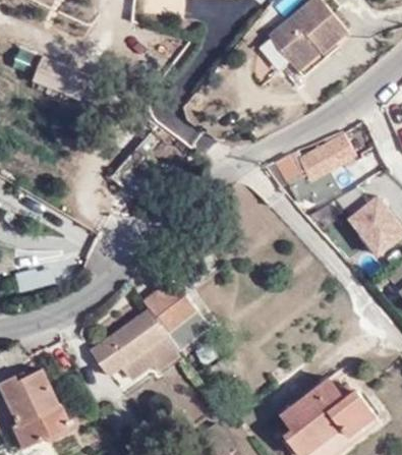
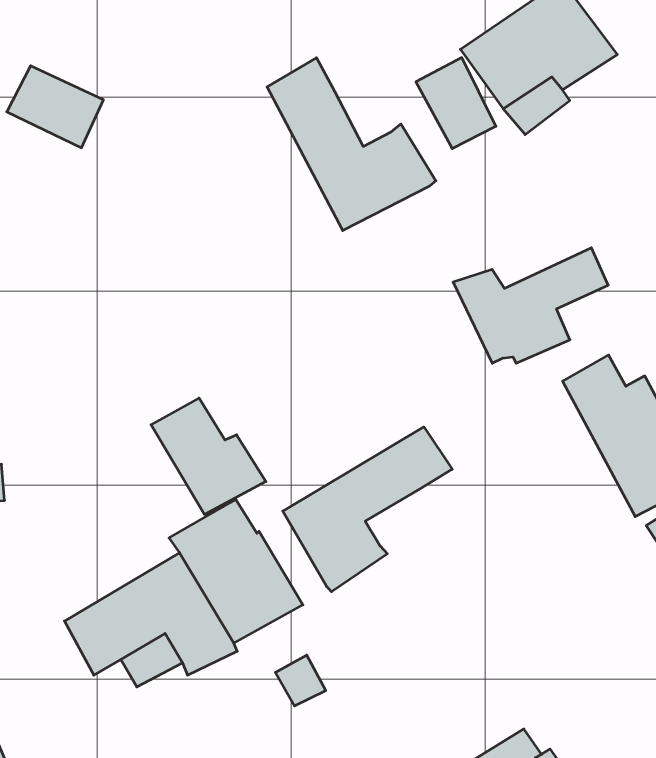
building: none -> [267,58,436,231]
building: none -> [151,398,266,514]
building: none -> [283,427,452,592]

